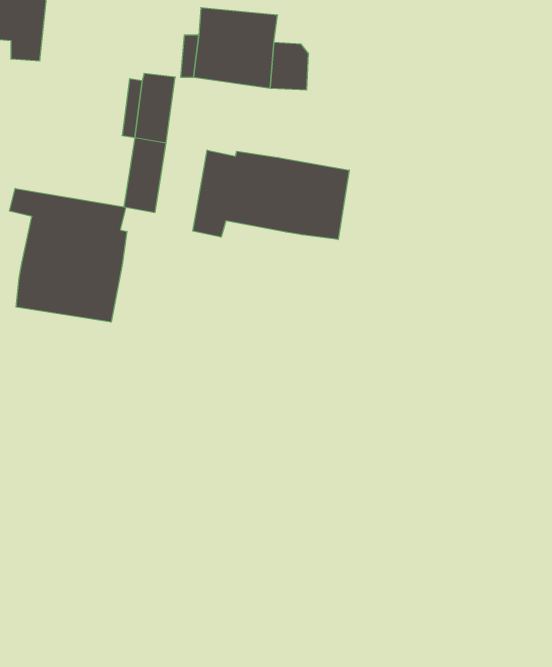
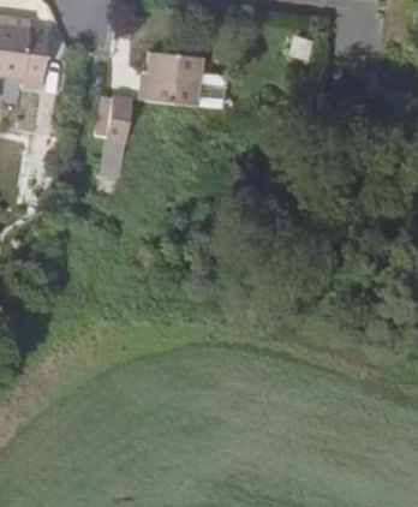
building: [193,150,349,240] -> none
building: [9,188,127,322] -> none

